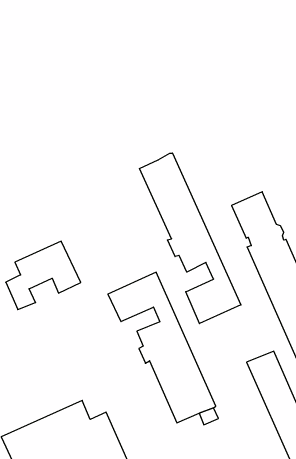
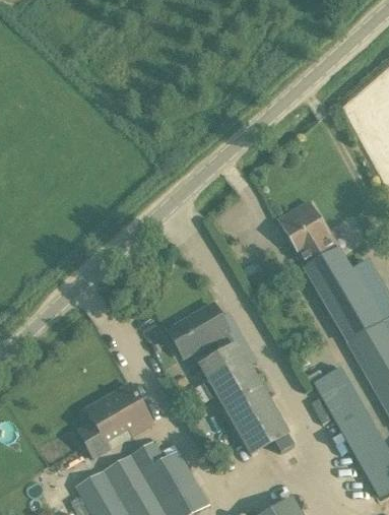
building: [139,153,241,324] -> none
building: [6,241,81,310] -> [78,383,154,457]

